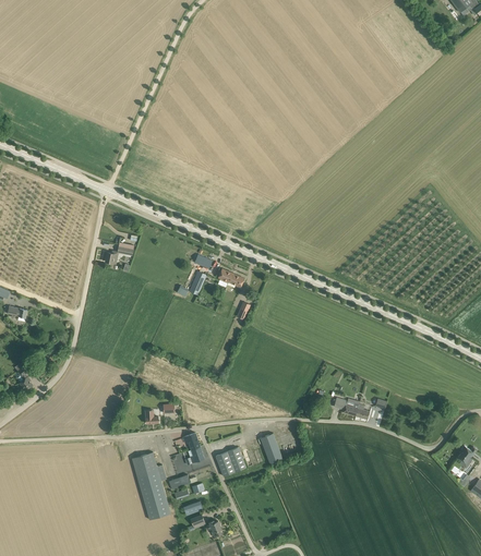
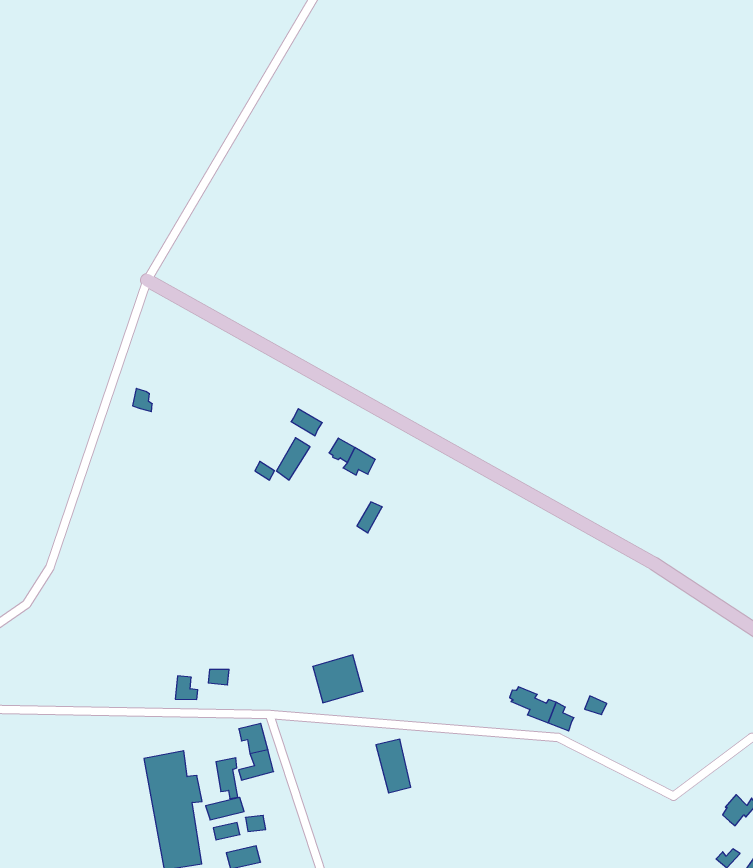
building: [215,447,244,475] -> [313,655,363,703]

